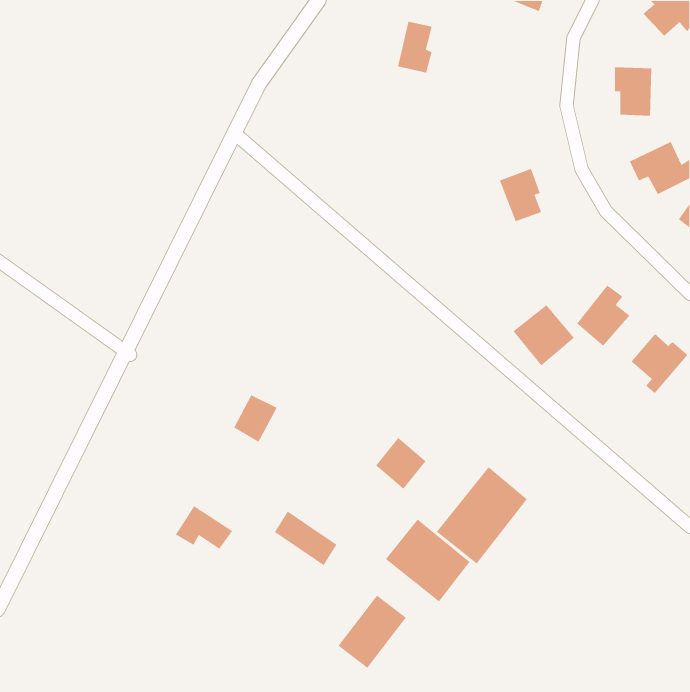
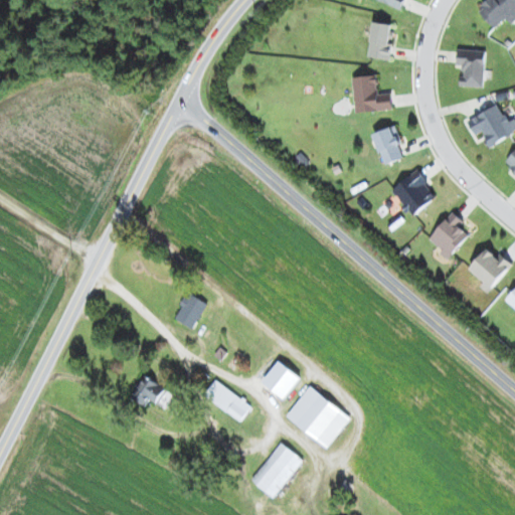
building: [397,21,432,74] -> [365,21,391,60]
building: none -> [350,73,391,113]
building: [513,304,575,366] -> [390,170,437,216]
building: [375,437,427,490] -> [262,360,300,399]
building: [436,466,528,564] -> none

